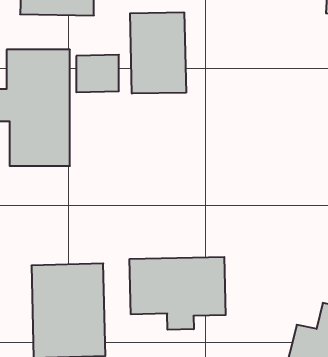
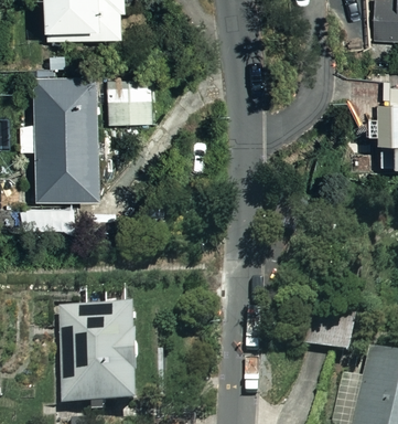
building: [130,12,186,94] -> none
building: [130,257,226,330] -> none

